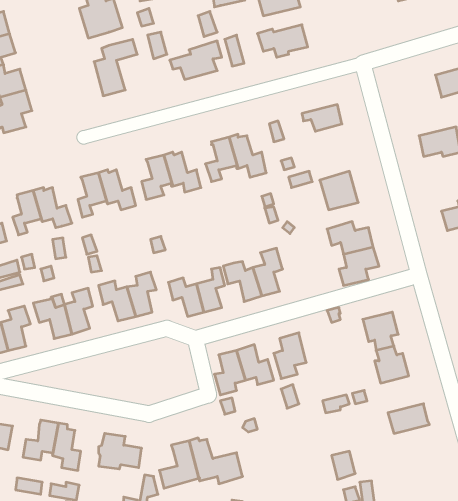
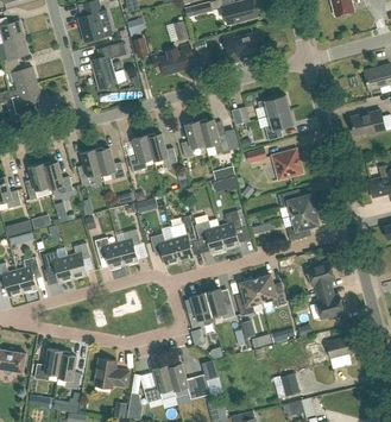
building: none -> [264,111,294,140]
building: none -> [254,273,285,307]

